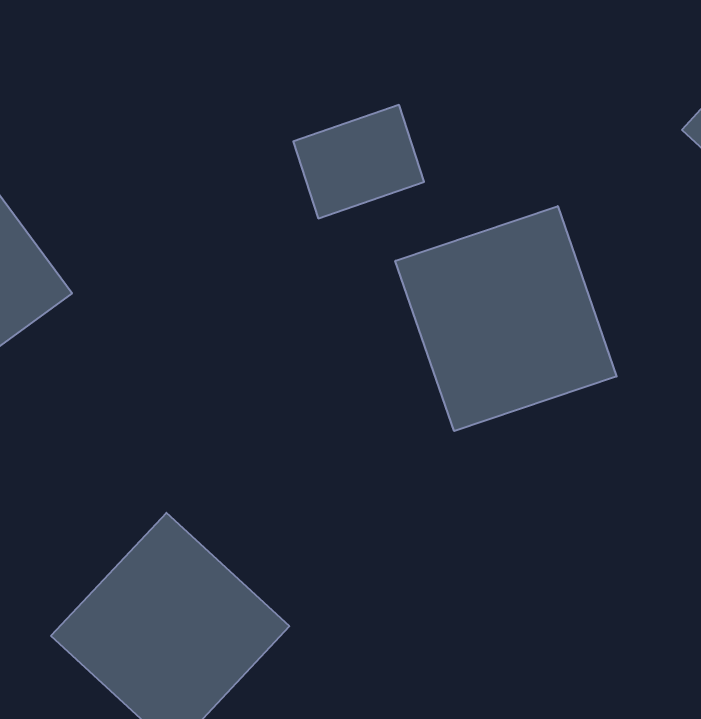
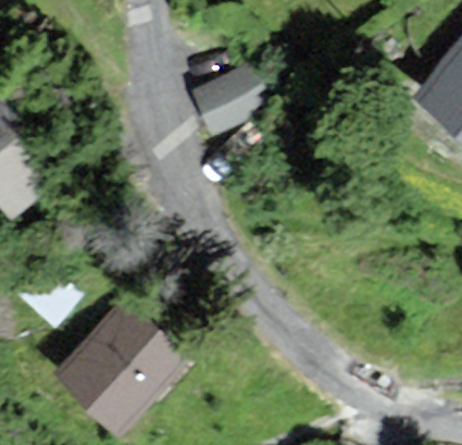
building: [395,206,617,431] -> none

